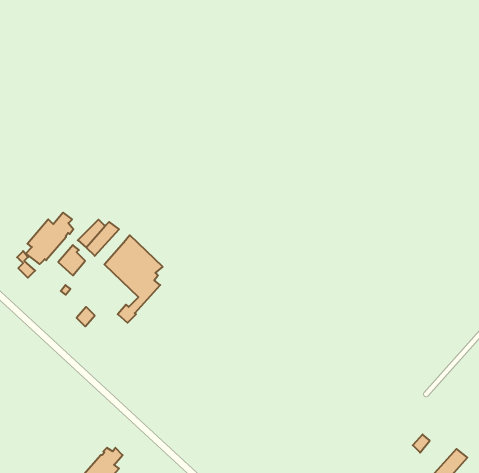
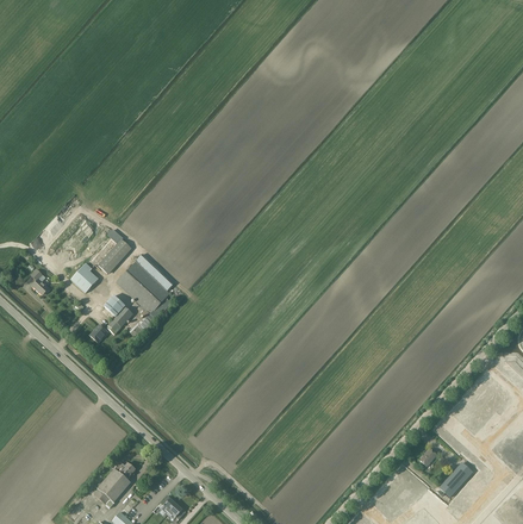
building: [26,213,73,264] -> none
building: none -> [104,295,132,335]

